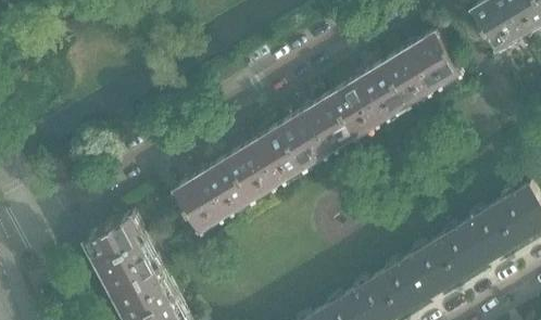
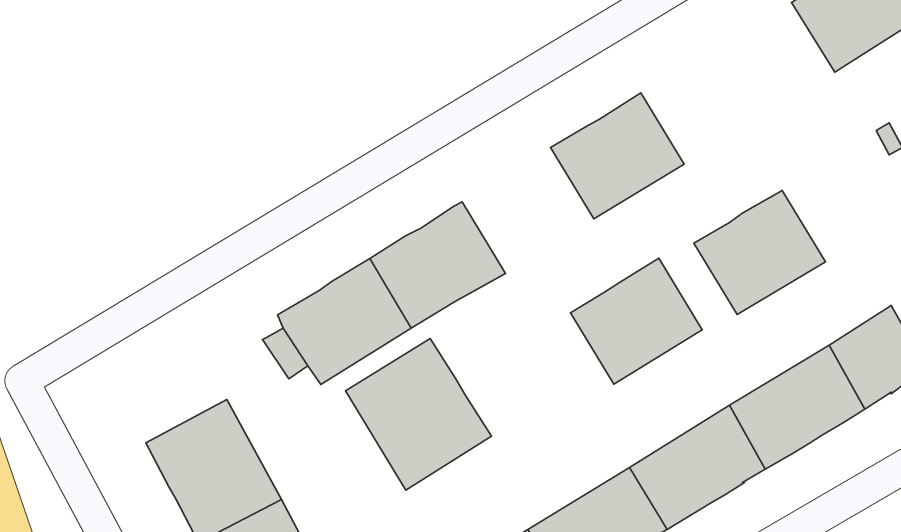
building: [381,34,457,105] -> [694,190,826,315]
building: [278,95,354,168] -> [571,258,702,384]
building: none -> [346,338,491,490]
building: [83,216,142,266] -> none

